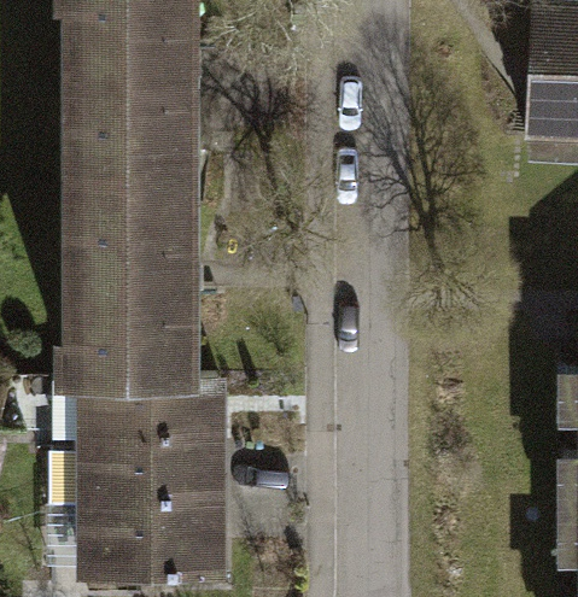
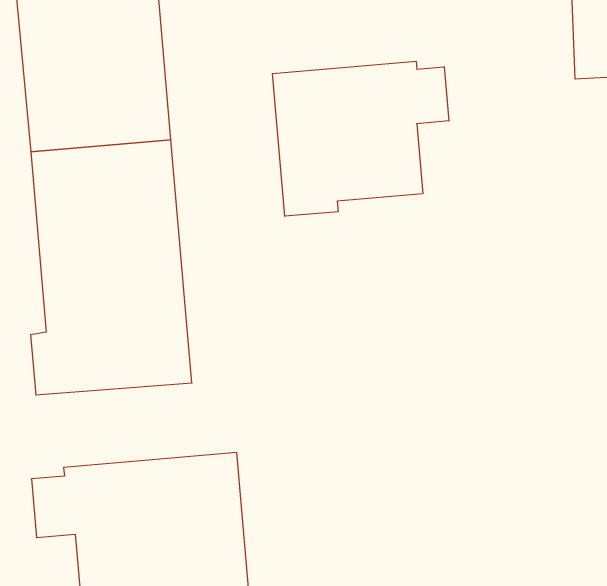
building: none -> [272,61,449,216]
building: [52,379,223,441] -> none

